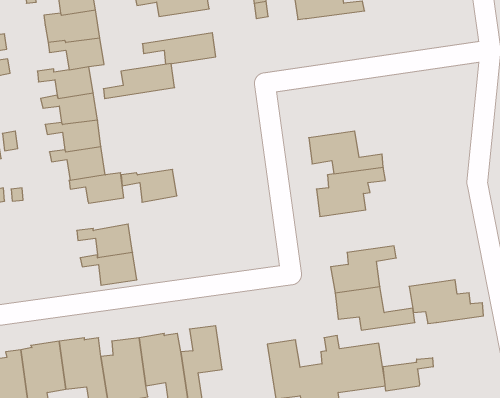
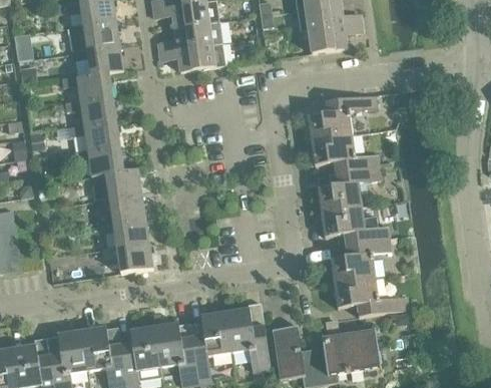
building: none -> [308,23,362,53]
building: [103,64,175,99] -> [156,21,221,53]
building: none -> [306,93,375,139]
building: [121,169,177,202] -> [93,195,144,225]
building: [409,280,483,324] -> [320,206,388,246]
building: none -> [224,303,270,370]
building: [383,358,433,391] -> none

